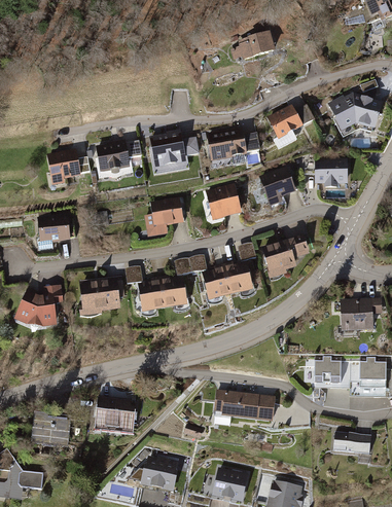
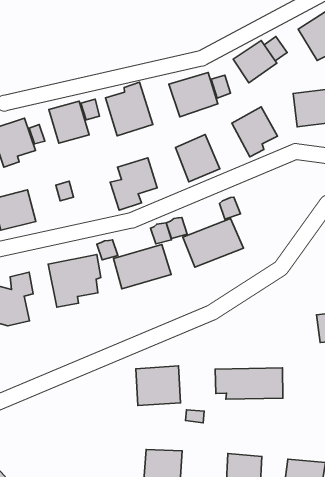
building: [260,233,312,280] -> none
building: [96,399,136,434] -> [136,366,181,406]
building: [30,412,71,448] -> none

